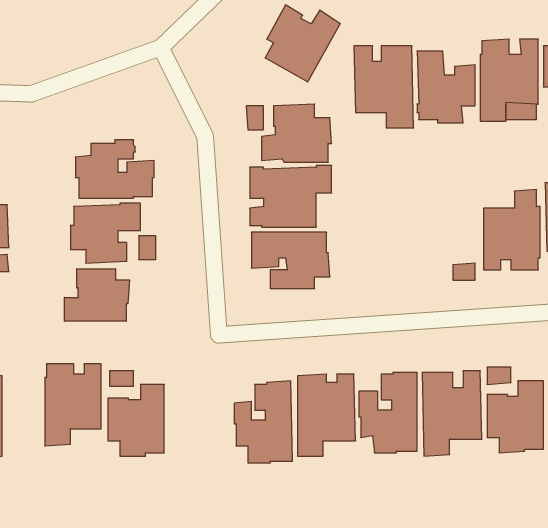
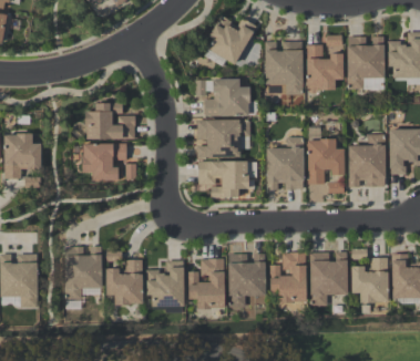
building: none -> [267,136,304,189]
building: none -> [308,140,345,184]
building: [64,269,129,321] -> none
building: none -> [146,260,184,314]

